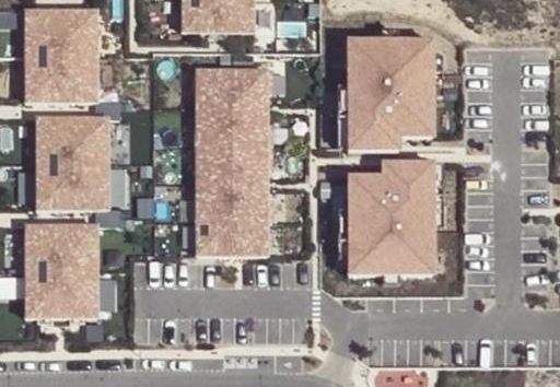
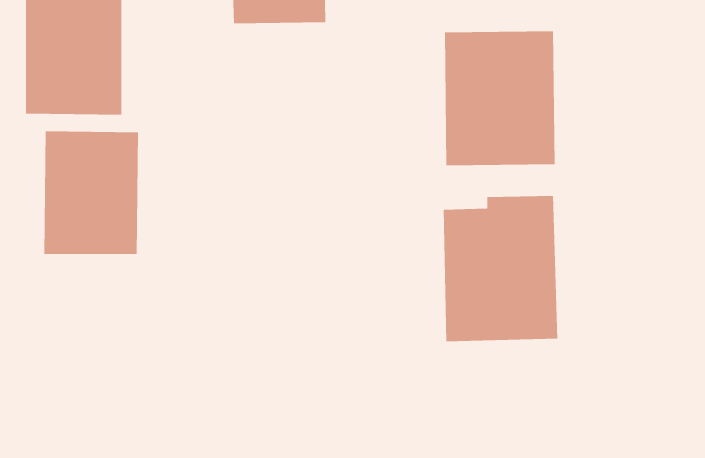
building: [194,68,273,257] -> none
building: [19,225,96,322] -> none

